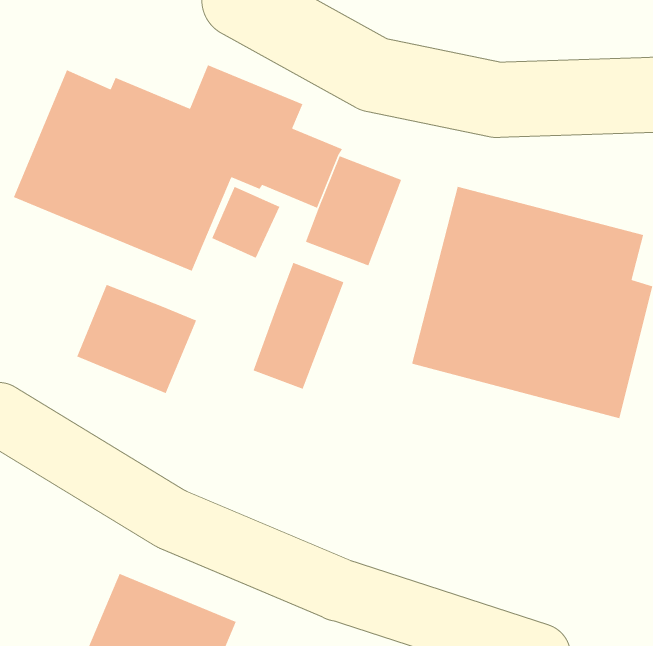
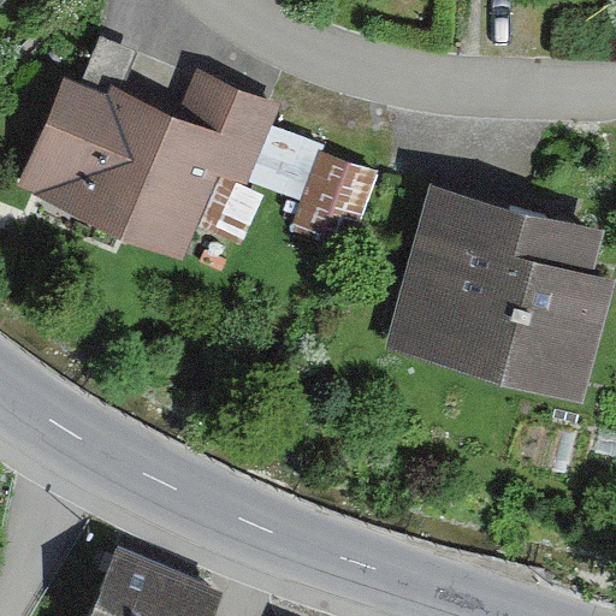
building: [252,262,344,390] -> none
building: [76,284,197,394] -> none

